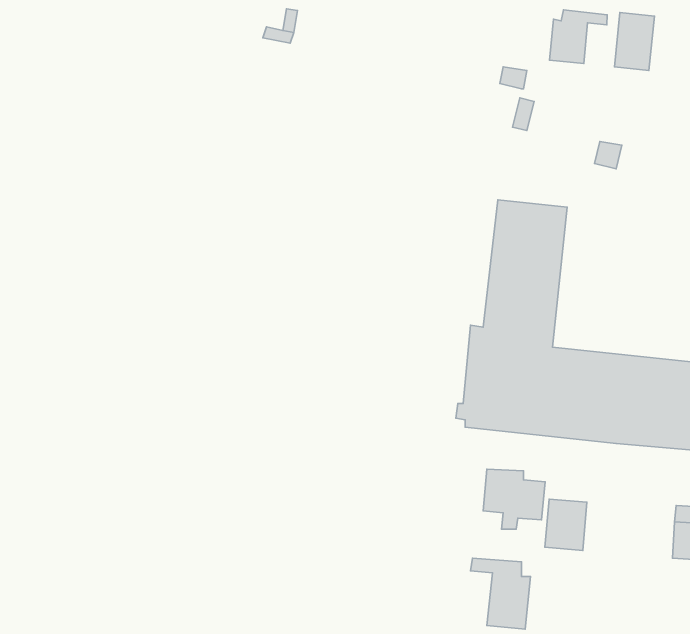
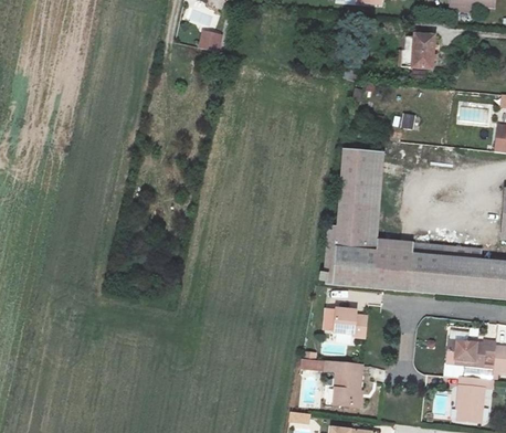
building: [550,10,607,64] -> none
building: [545,499,587,550] -> none

